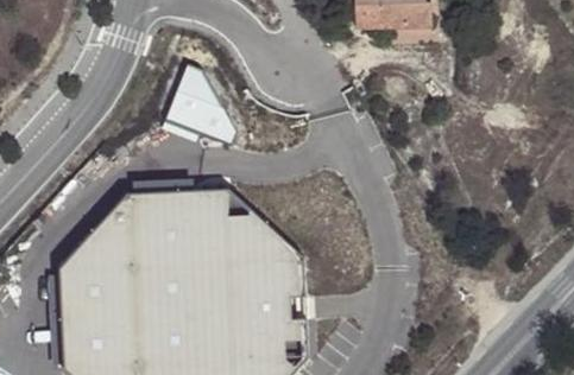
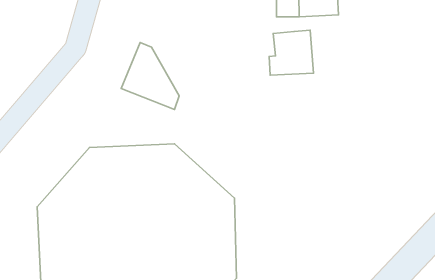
building: none -> [269,30,313,75]

